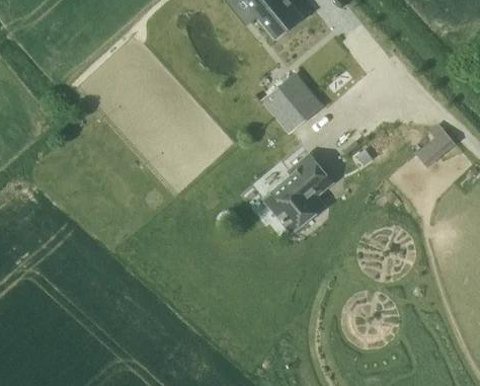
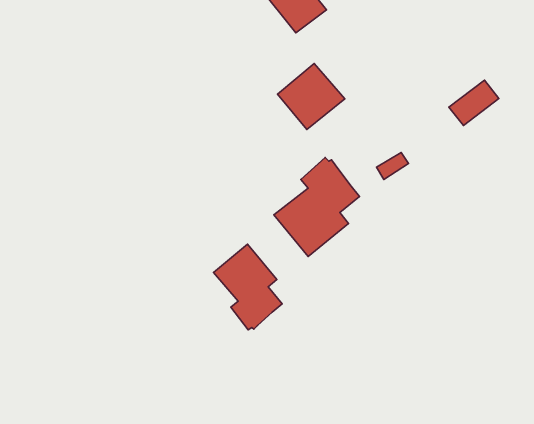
building: [414,128,456,165] -> [449,80,499,125]
building: none -> [213,244,282,330]

